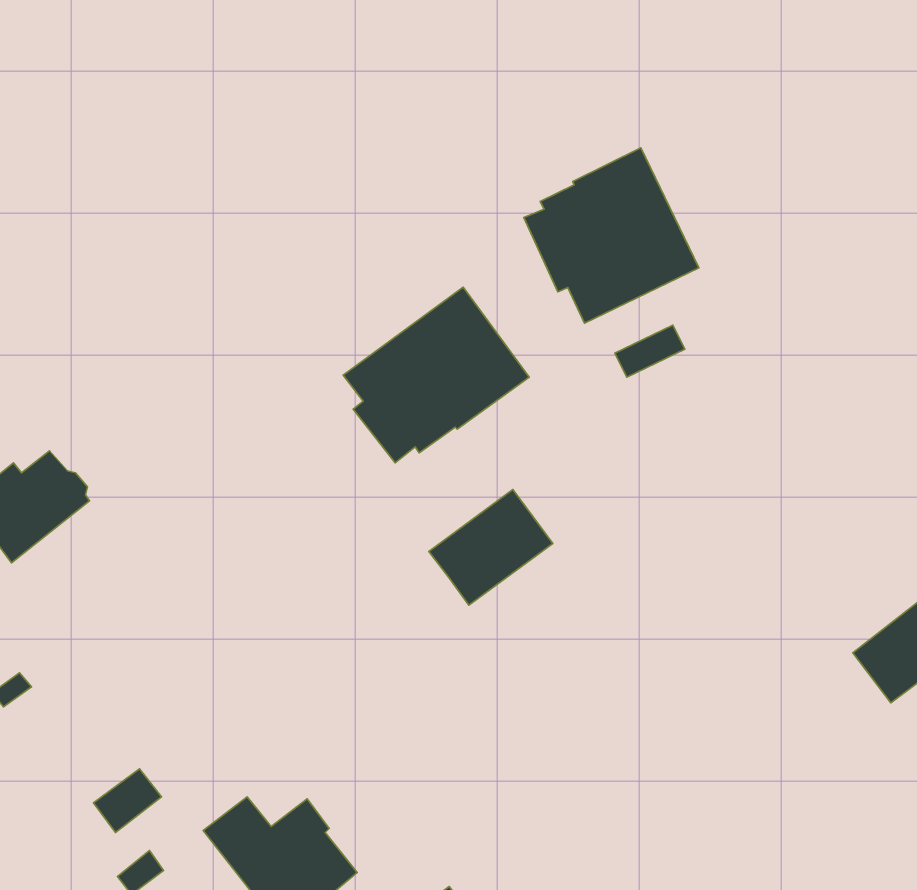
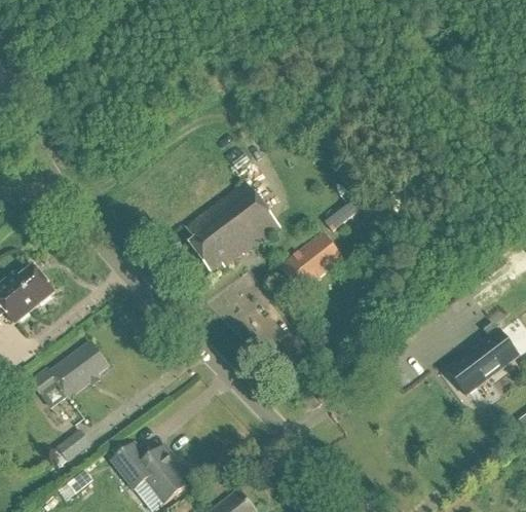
building: [524,148,699,323] -> none
building: [429,489,553,605] -> [278,231,342,291]
building: none -> [30,340,108,407]

